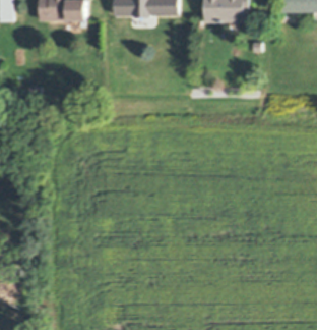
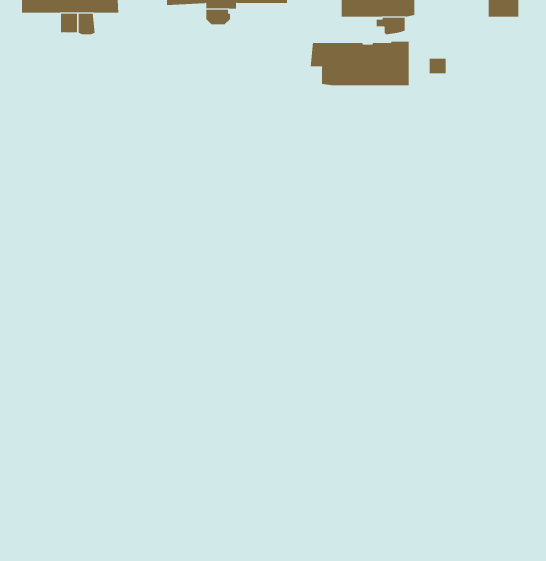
building: none -> [310,41,409,86]

